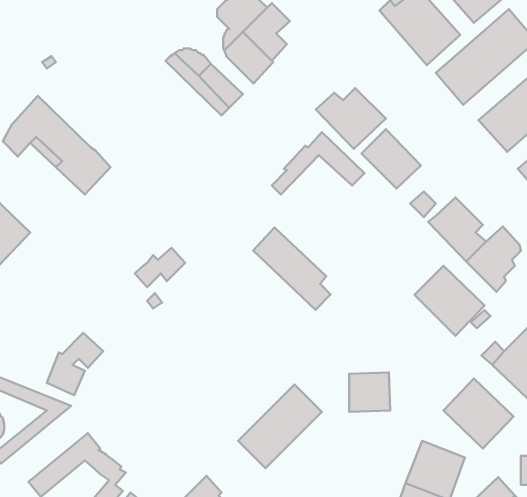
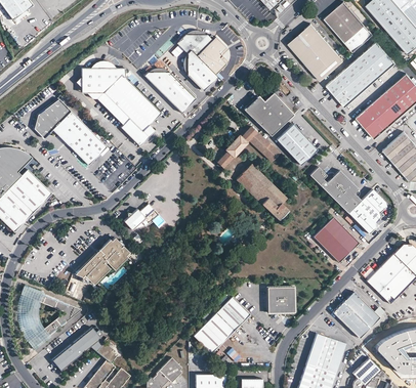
building: none -> [76,54,162,146]
building: [253,228,331,310] -> [236,164,288,219]
building: none -> [89,238,129,272]

